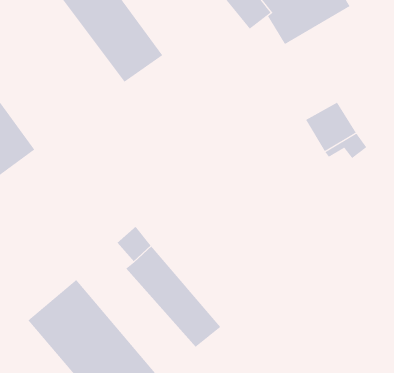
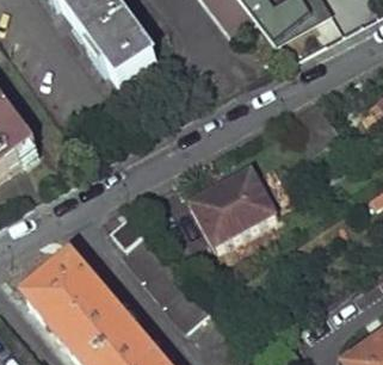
building: none -> [191,163,279,245]

